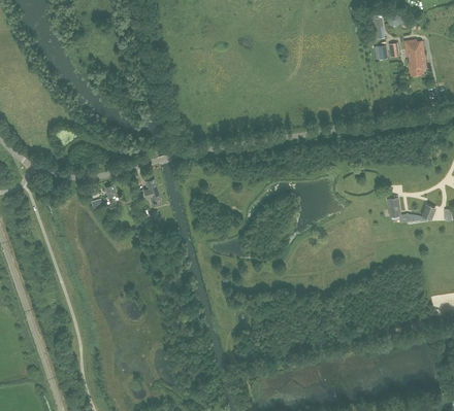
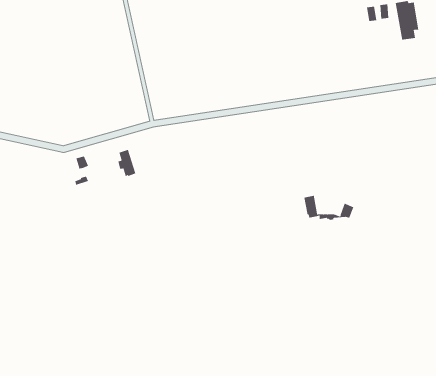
building: [387,197,434,220] -> [303,195,354,220]

